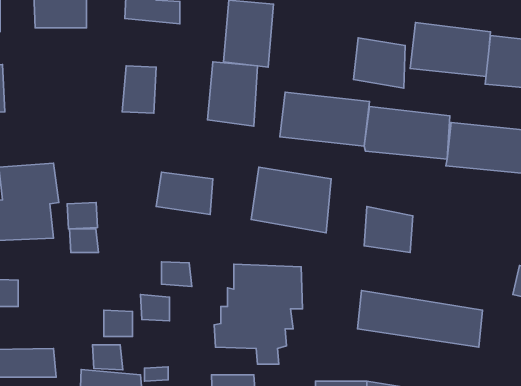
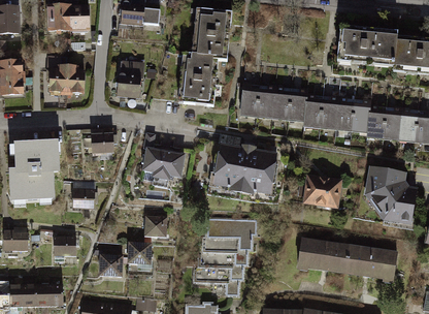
building: [353,38,405,88] -> none
building: none -> [50,65,82,95]
building: none -> [365,165,420,225]
building: [67,203,98,229] -> [91,131,114,152]
building: [92,345,123,370] -> [53,236,76,255]

